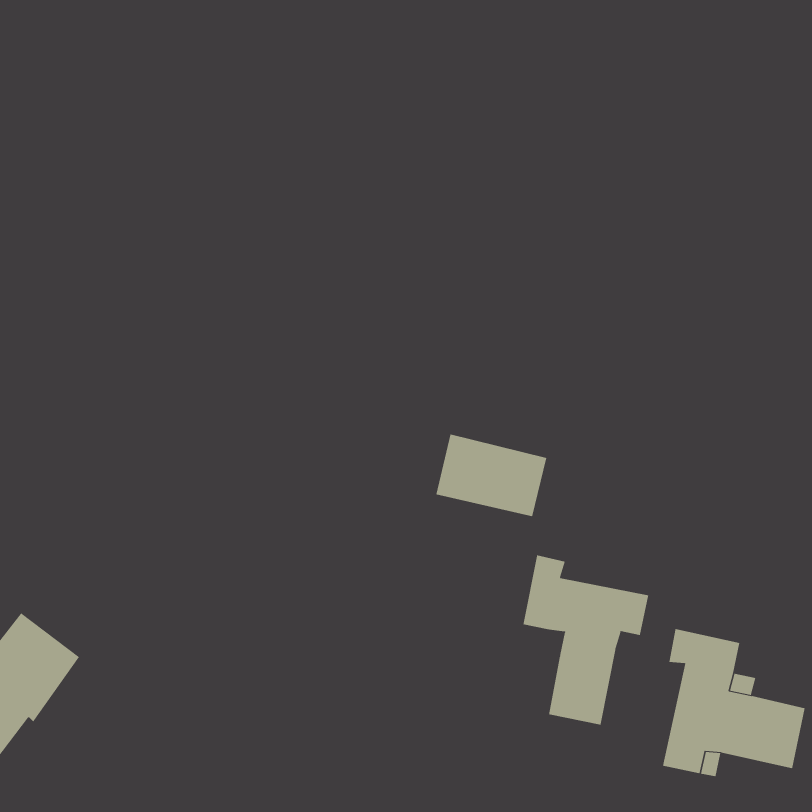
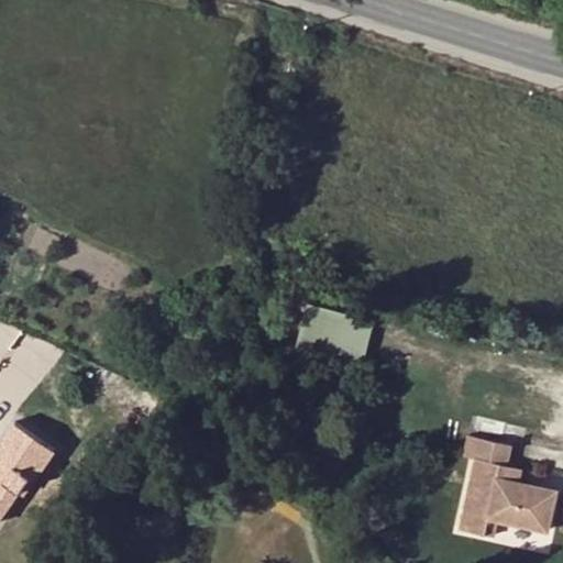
building: [523,554,649,726] -> none

